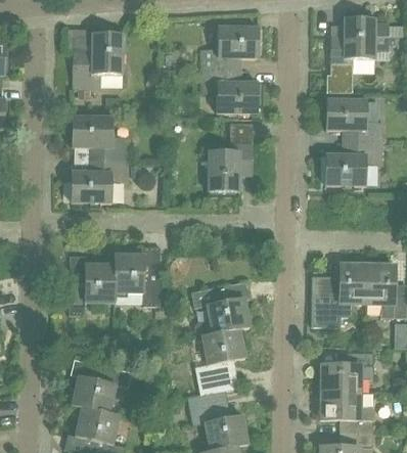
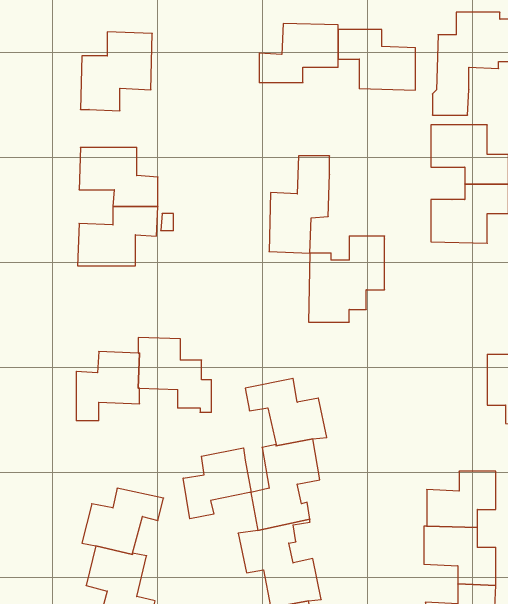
building: [201,69,258,112] -> [338,30,415,90]
building: [312,264,367,326] -> [309,236,385,322]
building: none -> [183,448,251,519]

